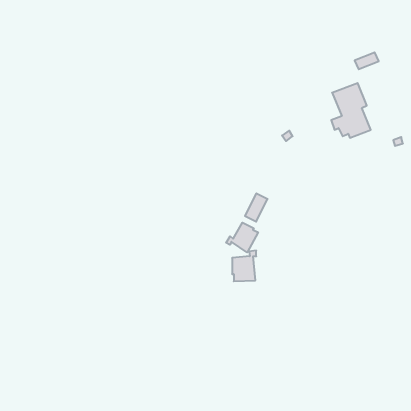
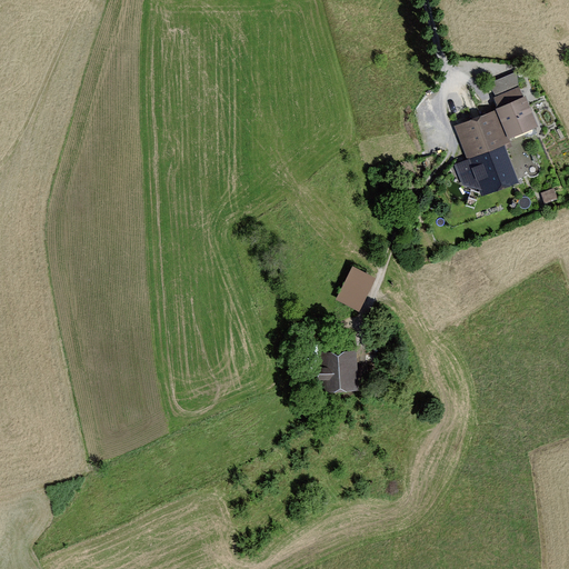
building: none -> [497,90,535,134]
building: [226,223,258,252] -> none

